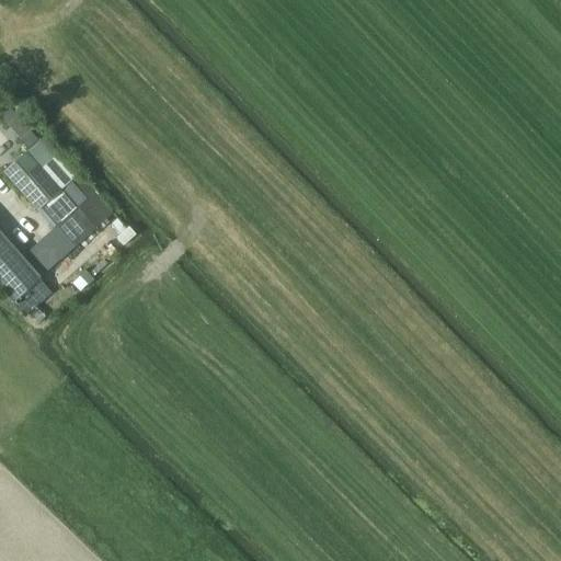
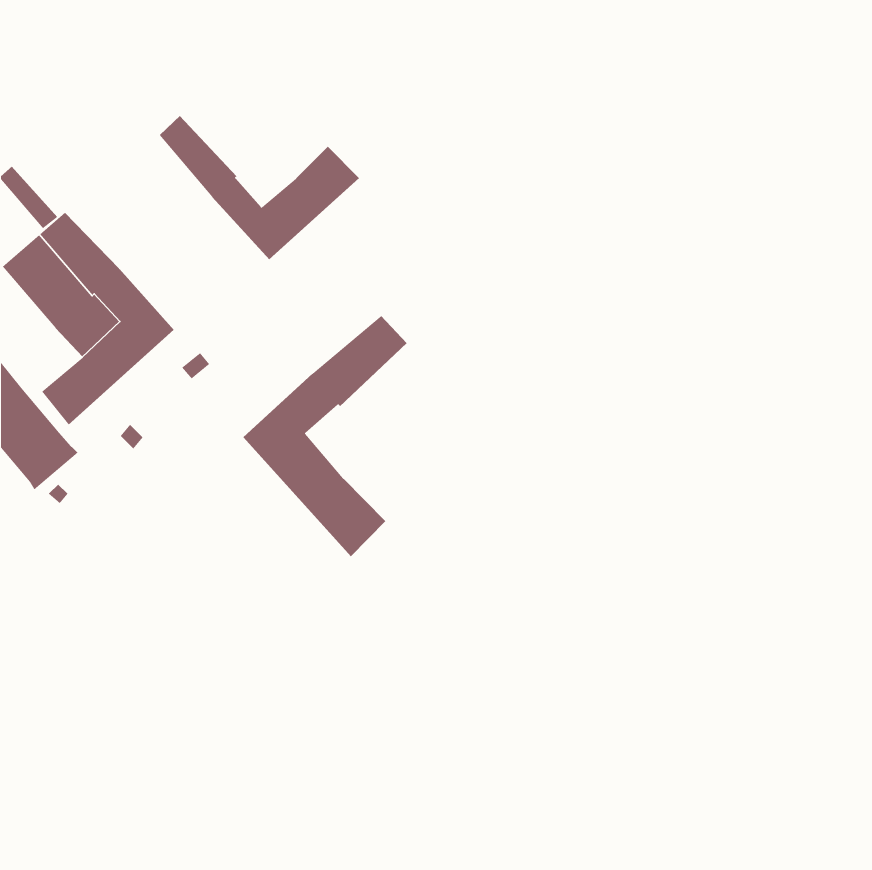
building: none -> [159,115,360,260]
building: none -> [243,315,408,557]

